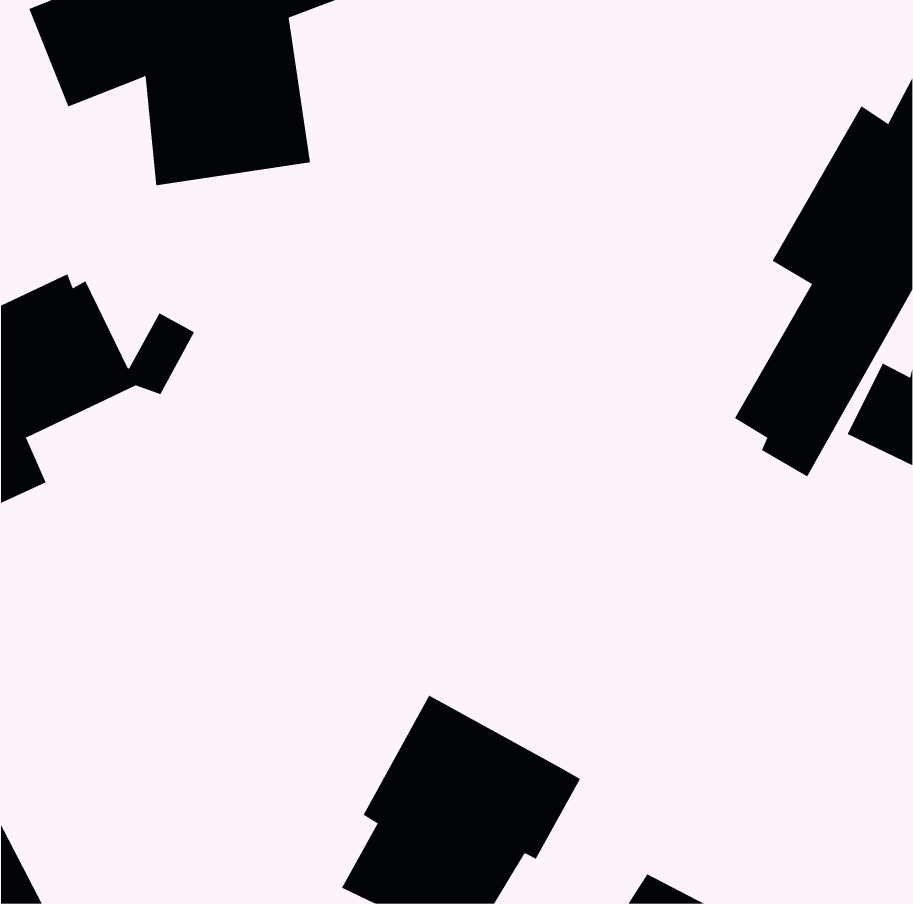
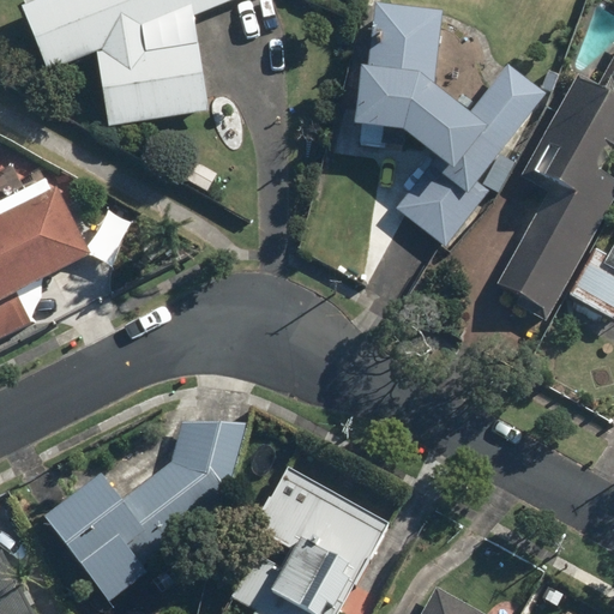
building: none -> [355,5,547,248]
building: none -> [44,421,248,602]

